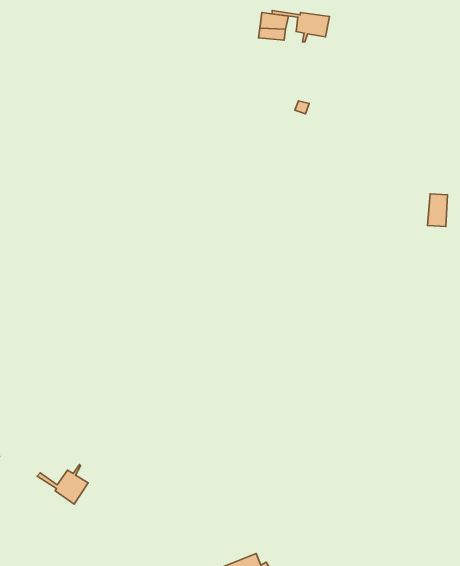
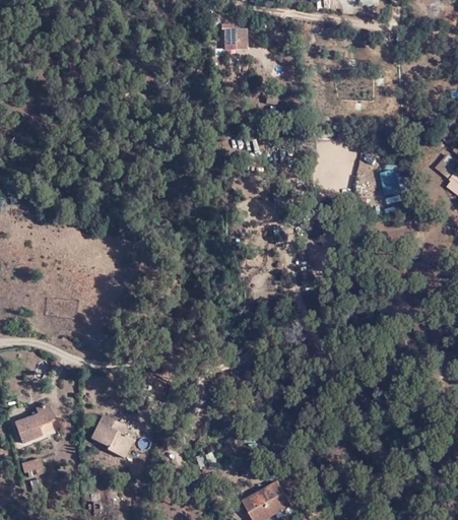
building: [272,10,330,42] -> none
building: none -> [92,415,124,444]

